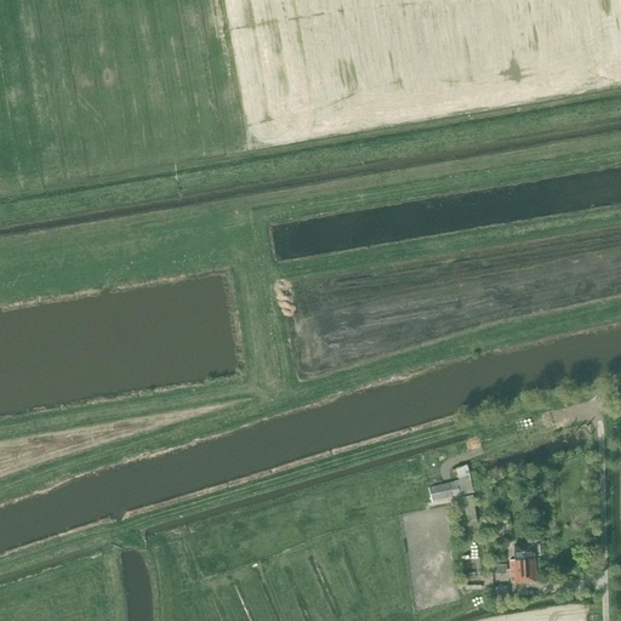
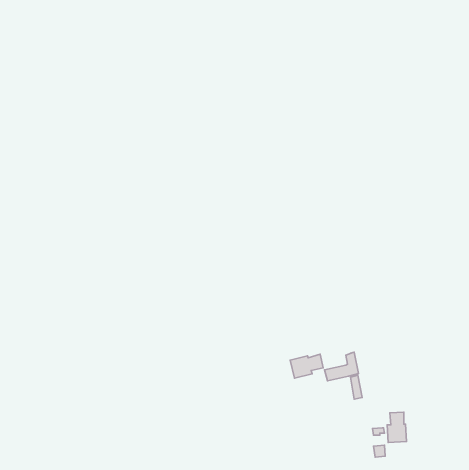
building: none -> [290,354,323,378]

